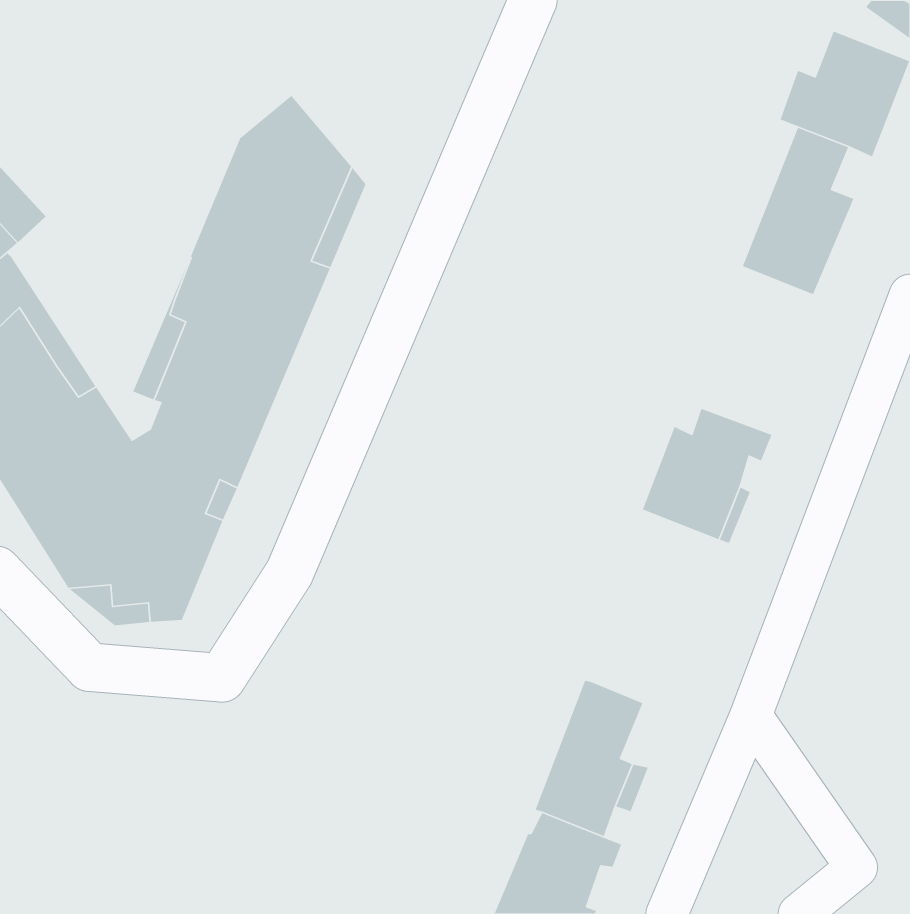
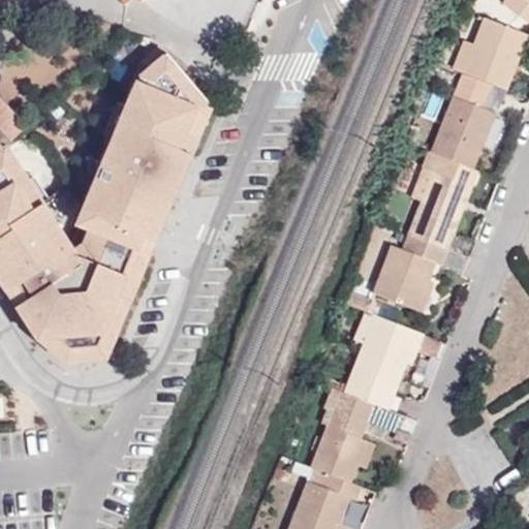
building: none -> [405,153,476,251]
building: none -> [342,316,422,411]

